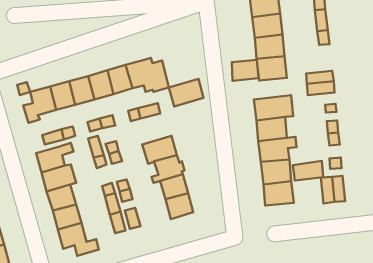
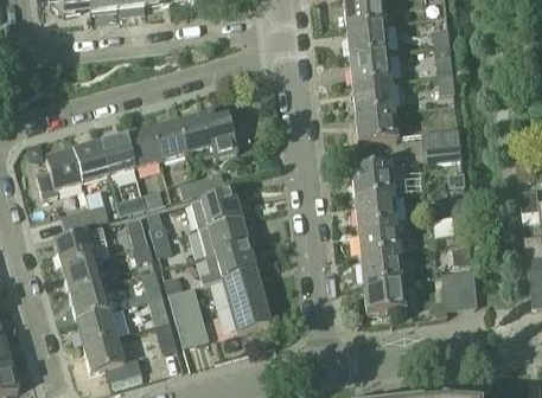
building: [232,60,258,81] -> none
building: [169,79,204,106] -> [192,190,240,227]
building: [293,161,323,181] -> none

